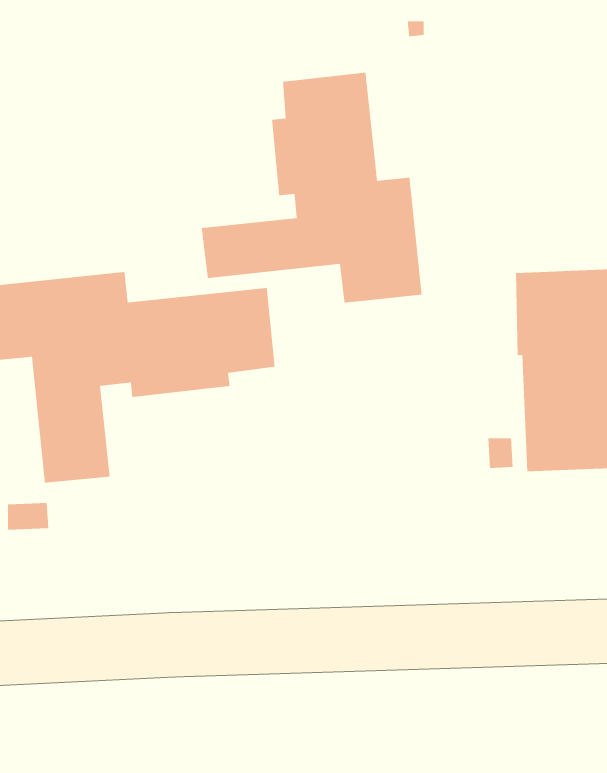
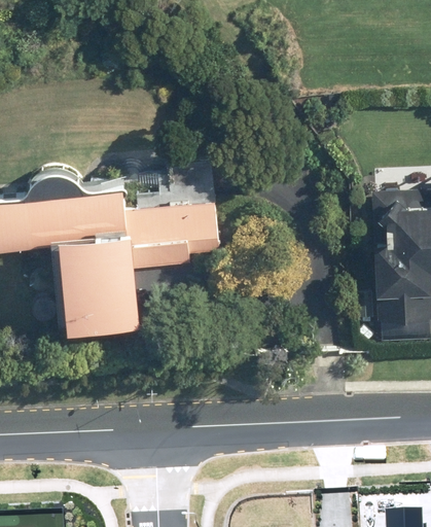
building: [201,72,422,303] -> none

